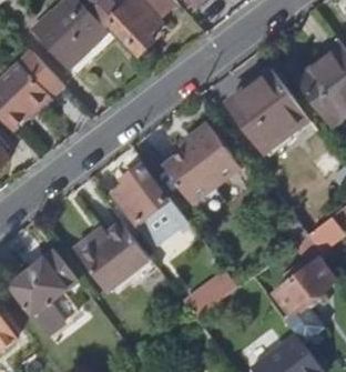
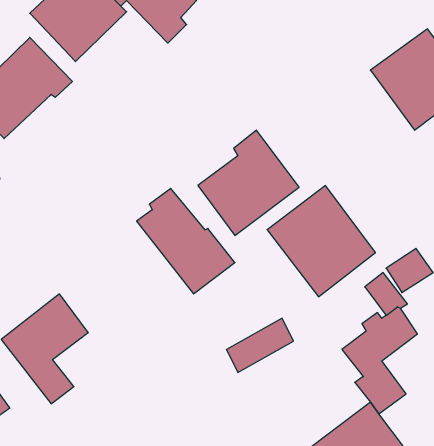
building: [226,69,311,155] -> [267,186,375,297]
building: [74,223,150,291] -> none

